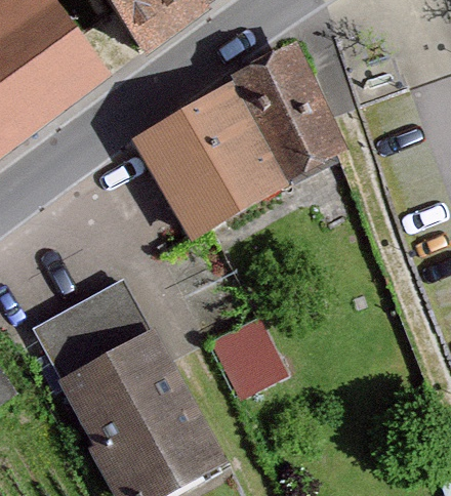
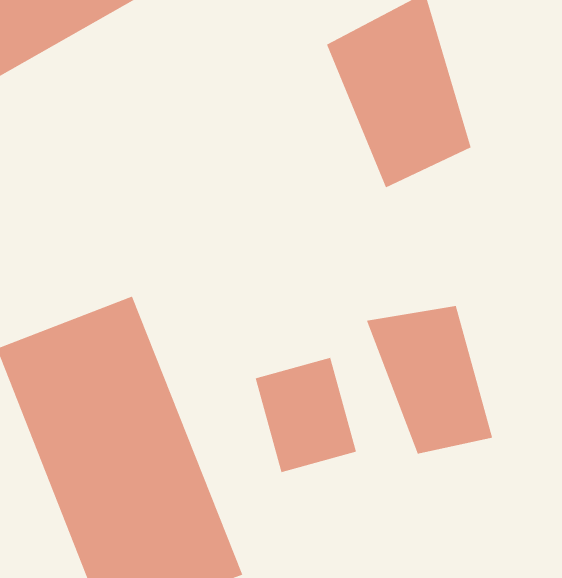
building: [137,92,287,240] -> none
building: none -> [366,305,493,454]

